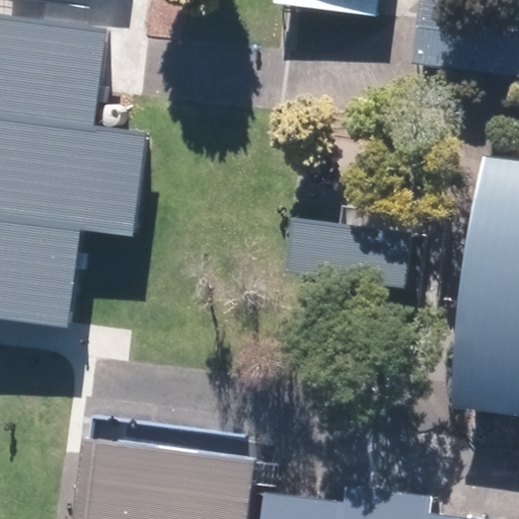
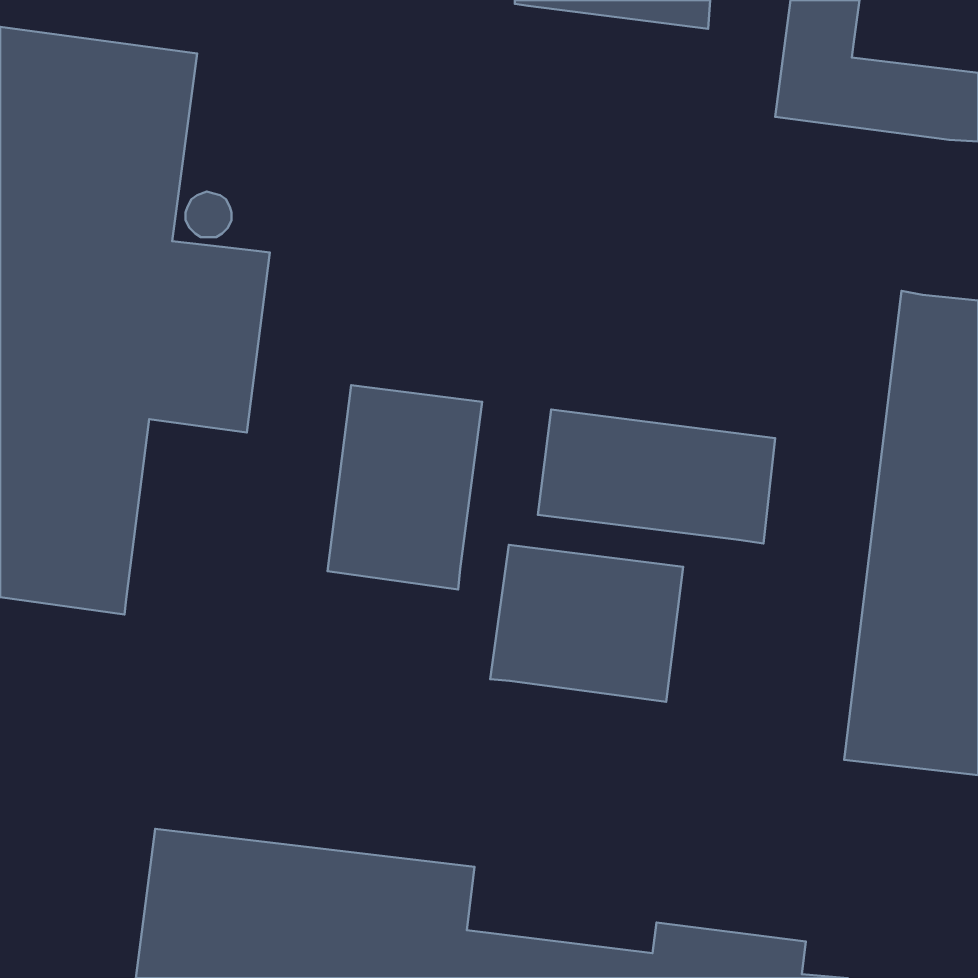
building: none -> [328,385,482,590]
building: none -> [490,545,683,702]

